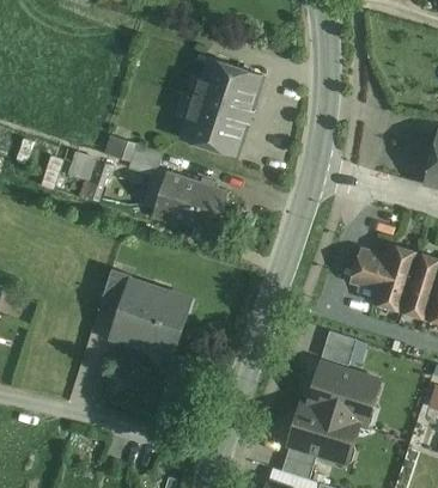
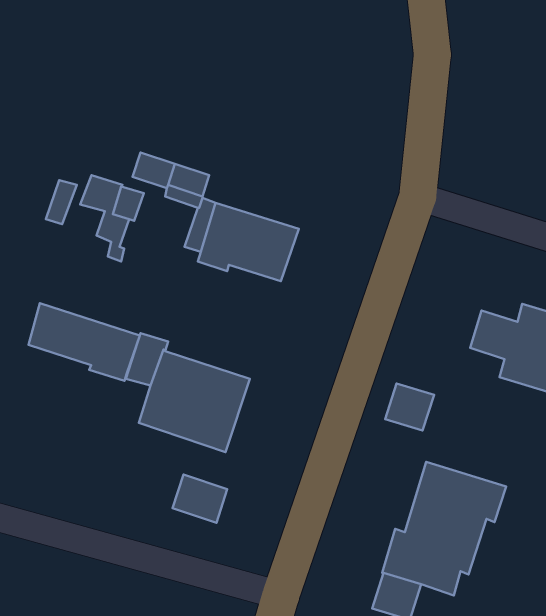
building: [181,56,262,155] -> none
building: none -> [28,303,140,381]
building: [321,330,357,365] -> [385,383,434,431]
building: none -> [173,474,227,523]

